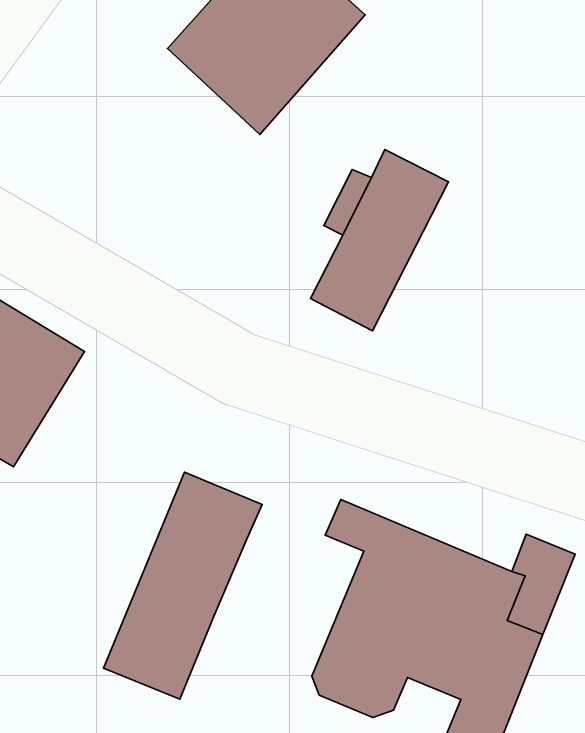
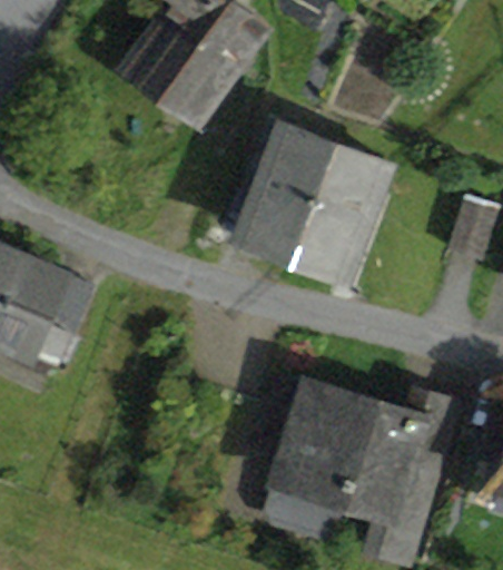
building: none -> [294,141,384,272]
building: [103,472,262,699] -> none

